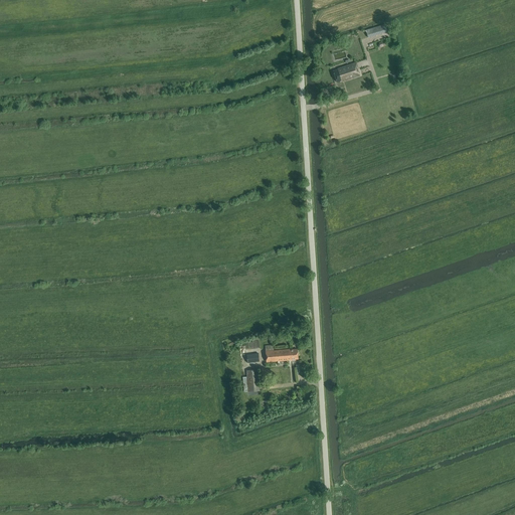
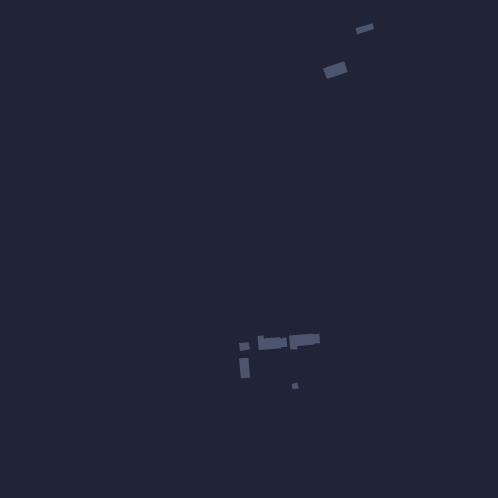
building: none -> [289,333,321,350]

